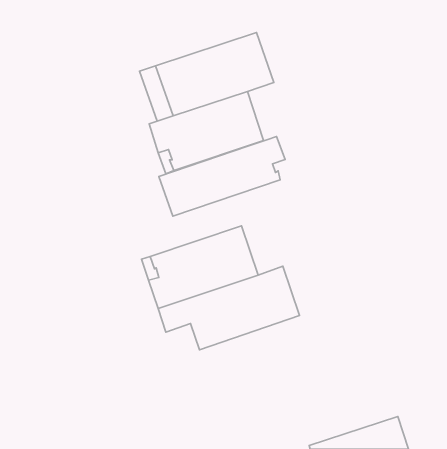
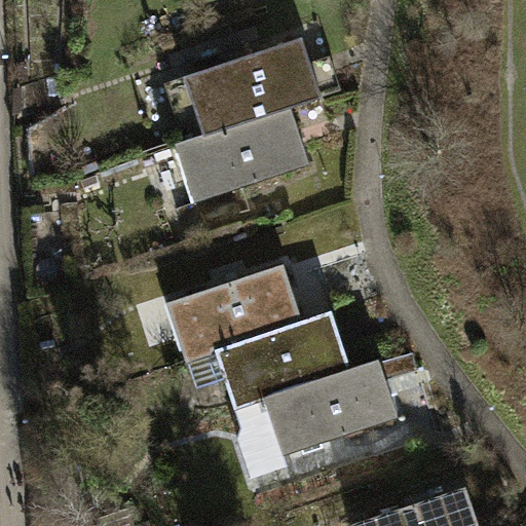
building: [159,137,285,216] -> none
building: none -> [233,360,397,476]

